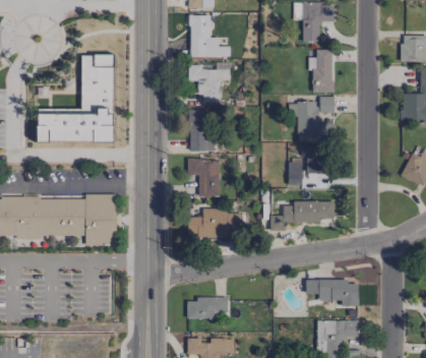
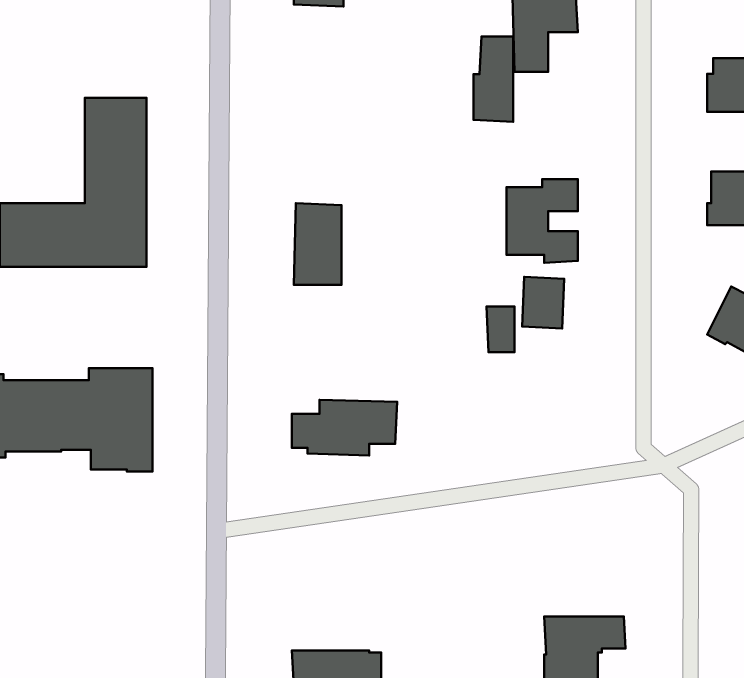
building: [189,15,229,56] -> none
building: [312,49,332,93] -> [473,36,513,122]
building: [186,65,230,103] -> none
building: [186,159,219,196] -> none
building: [269,200,333,231] -> none
building: [305,279,358,307] -> none
building: [187,297,228,319] -> none

